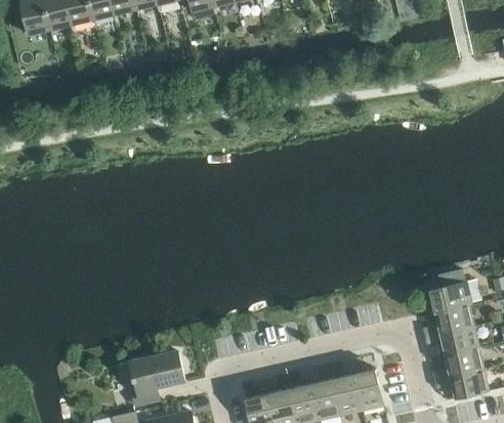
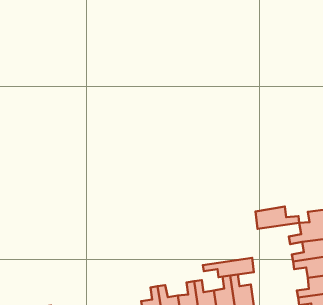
building: none -> [255,207,299,229]
building: none -> [203,258,254,277]
building: [129,351,183,406] -> none

